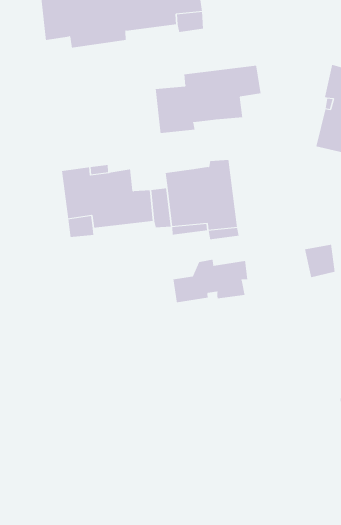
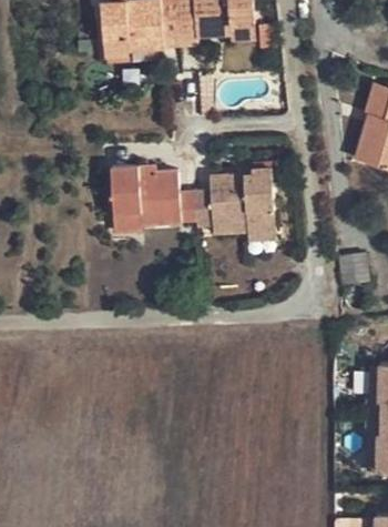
building: [155,65,261,134] -> none
building: [173,259,248,303] -> none

